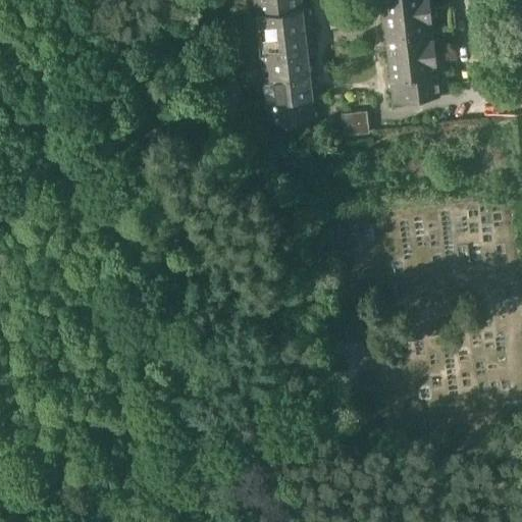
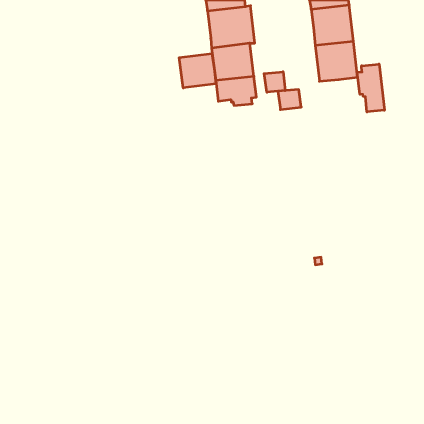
building: none -> [179,54,216,88]
building: none -> [357,64,384,112]
building: none -> [264,72,285,92]

